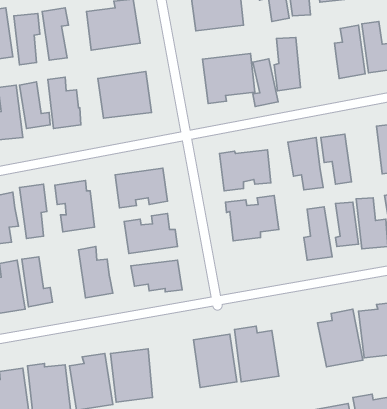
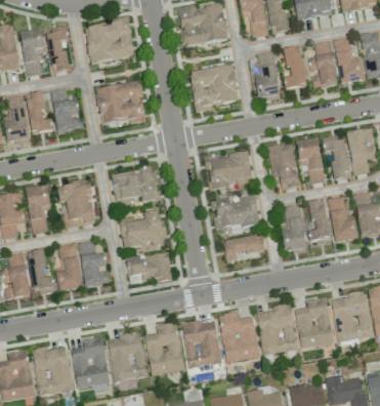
building: [253,59,278,106] -> [284,46,306,89]
building: none -> [323,135,349,179]
building: none -> [223,234,265,262]
building: none -> [56,243,81,291]
building: none -> [256,302,297,355]
building: none -> [145,322,183,374]

